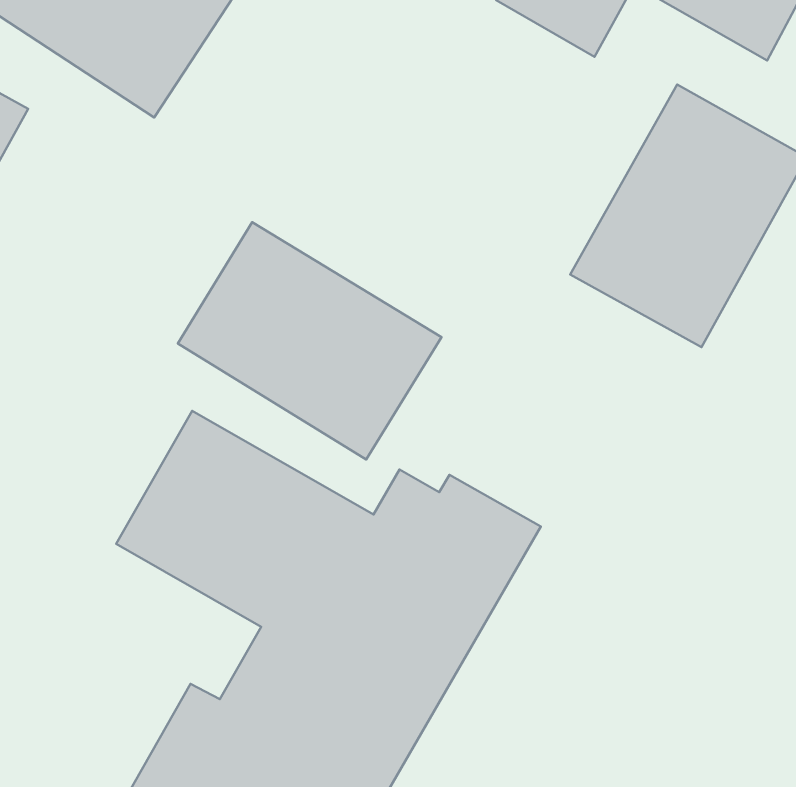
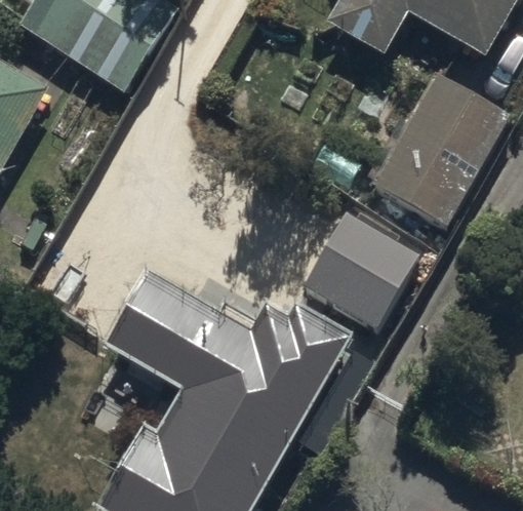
building: [178,222,442,459] -> none
building: none -> [300,209,421,329]

